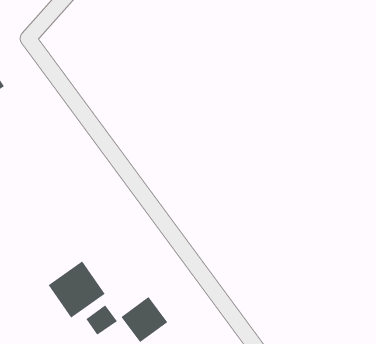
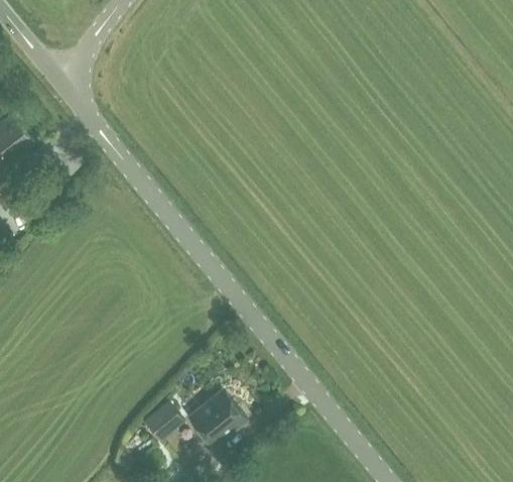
building: [48,261,106,318] -> none

